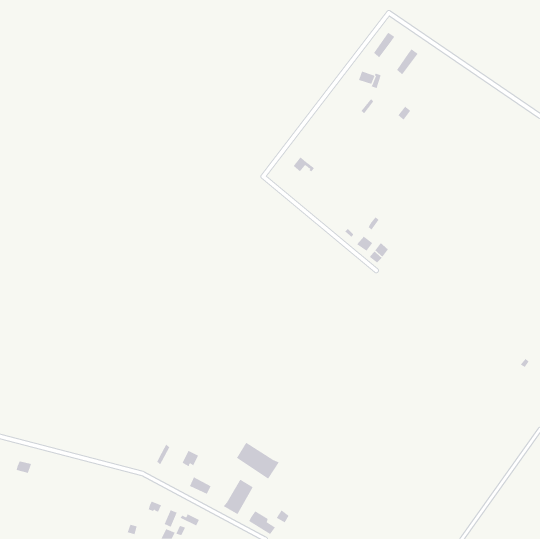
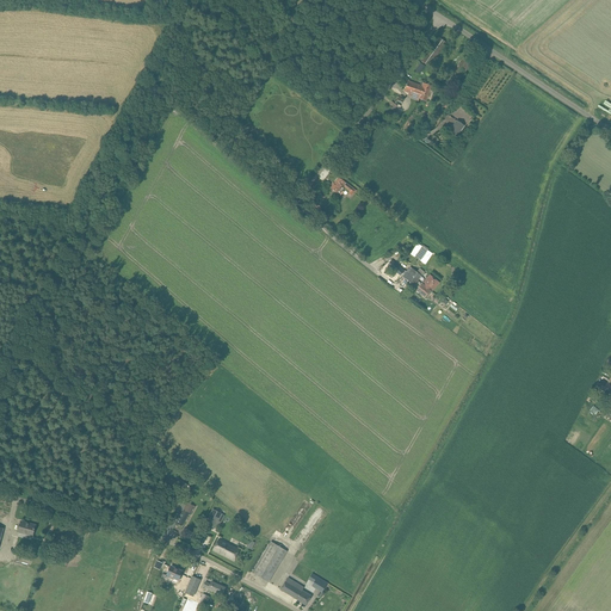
building: [236,442,280,479] -> none

